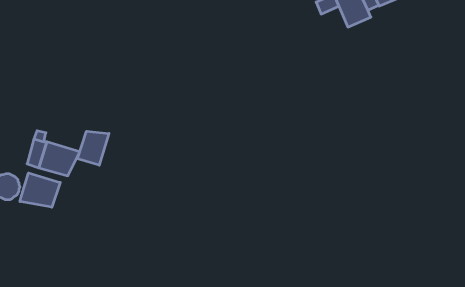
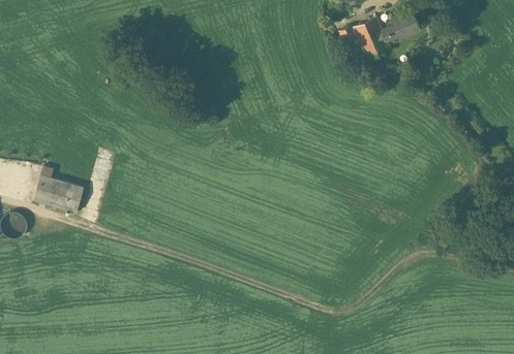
building: [78,131,109,165] -> none
building: [20,173,60,207] -> none

